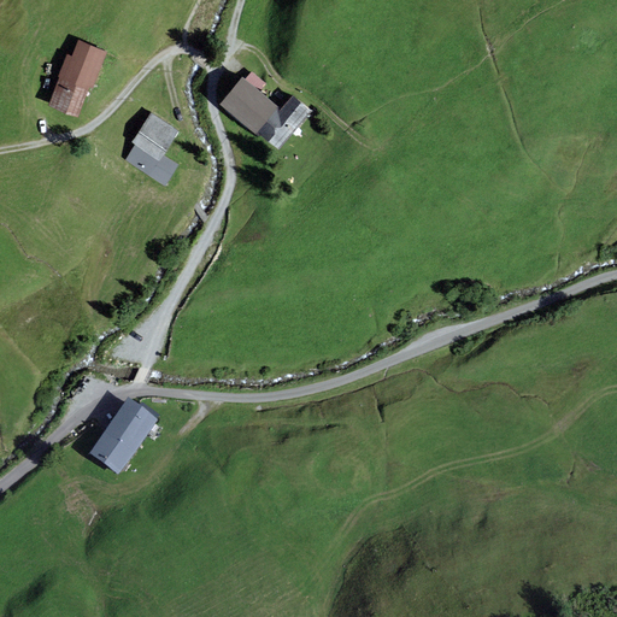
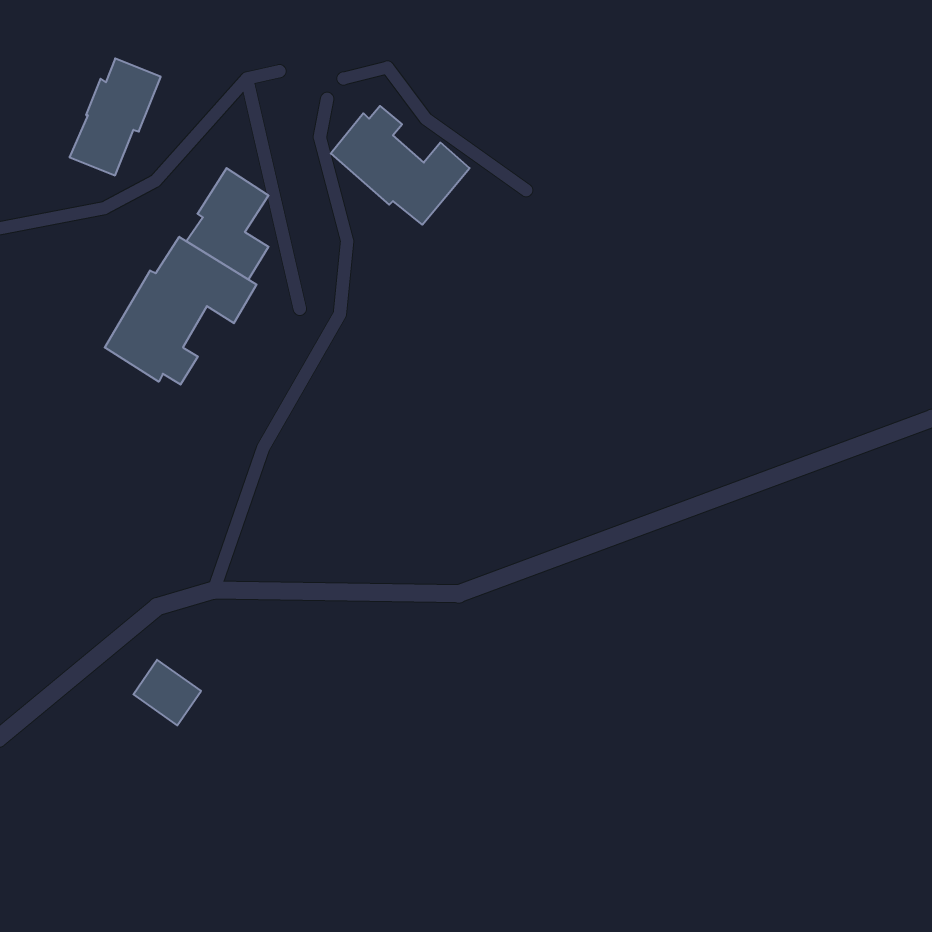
building: none -> [105,237,257,385]
building: [104,402,158,456] -> none

